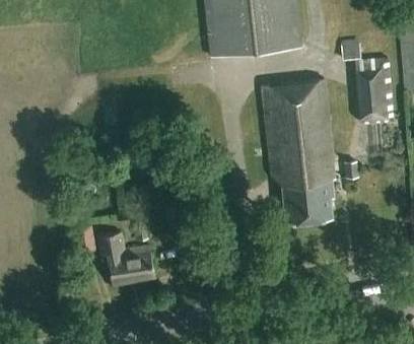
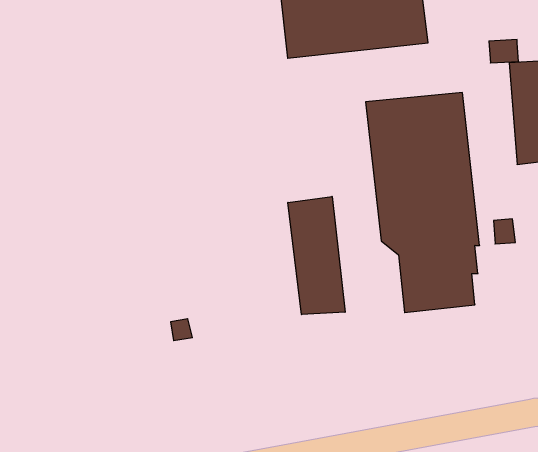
building: none -> [288,196,345,315]
building: [98,231,154,283] -> none

